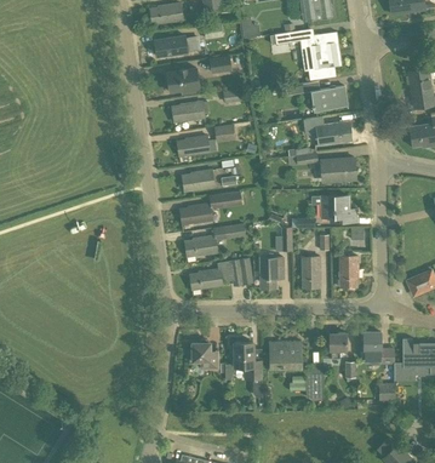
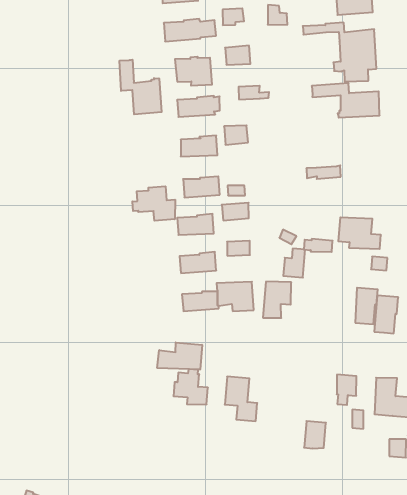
building: none -> [120,60,162,114]
building: [303,116,351,144] -> none
building: [320,156,355,181] -> none
building: none -> [132,186,175,221]
building: [302,256,320,287] -> [374,296,398,333]
building: none -> [157,342,202,370]
building: [268,341,307,368] -> none

